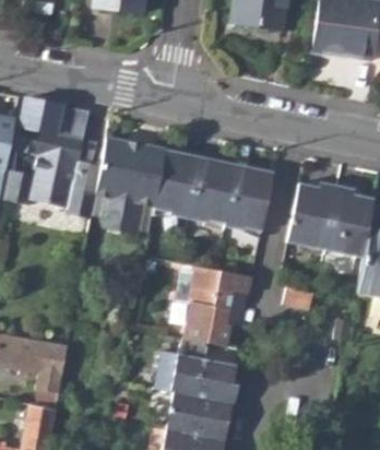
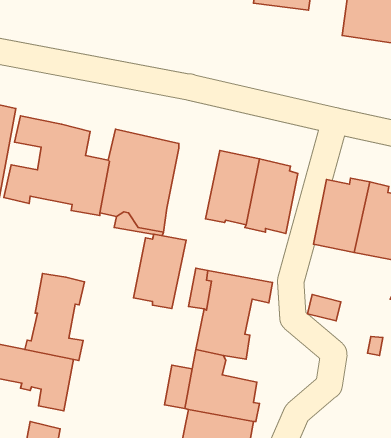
building: [21,97,64,132] -> none
building: [154,151,202,218] -> [133,234,186,309]
building: none -> [25,273,85,360]

